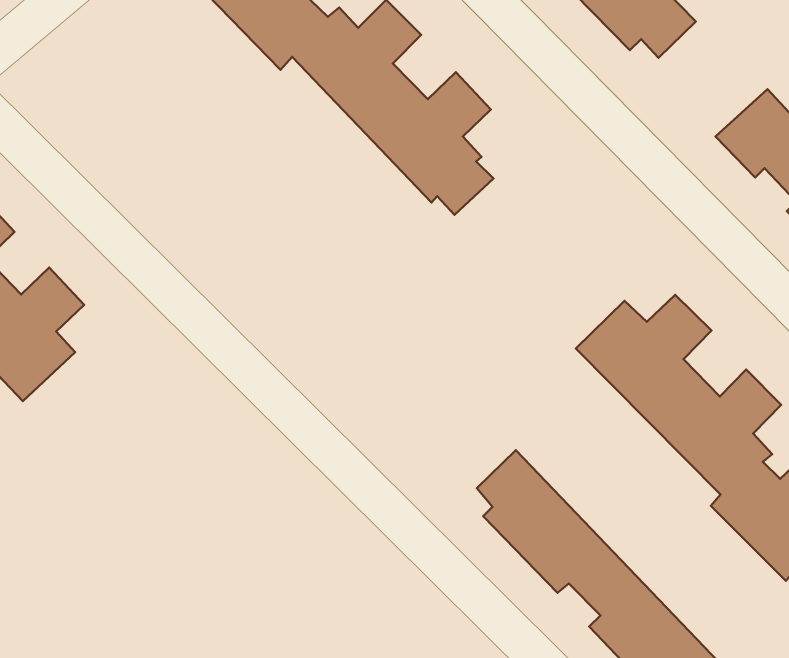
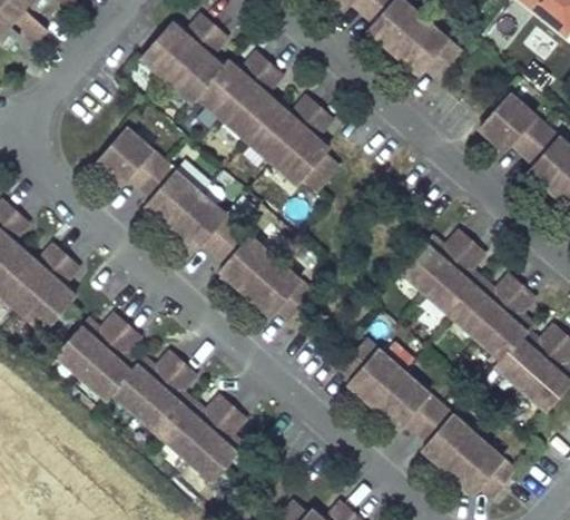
building: none -> [96,128,312,318]
building: none -> [56,312,247,481]

